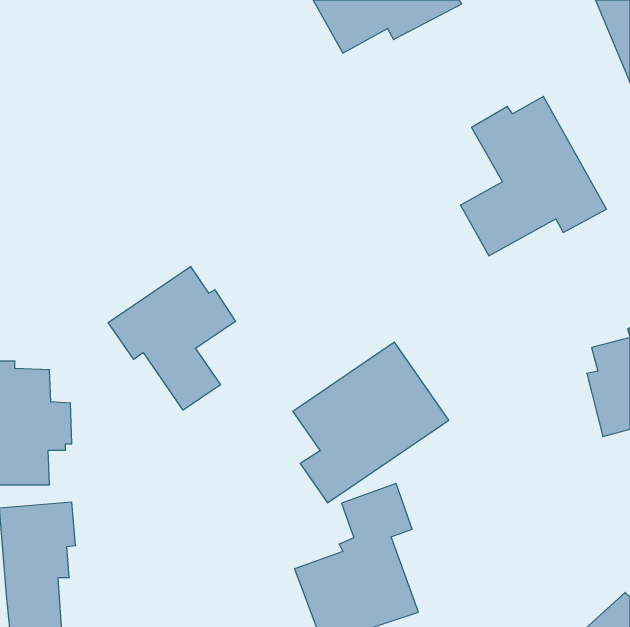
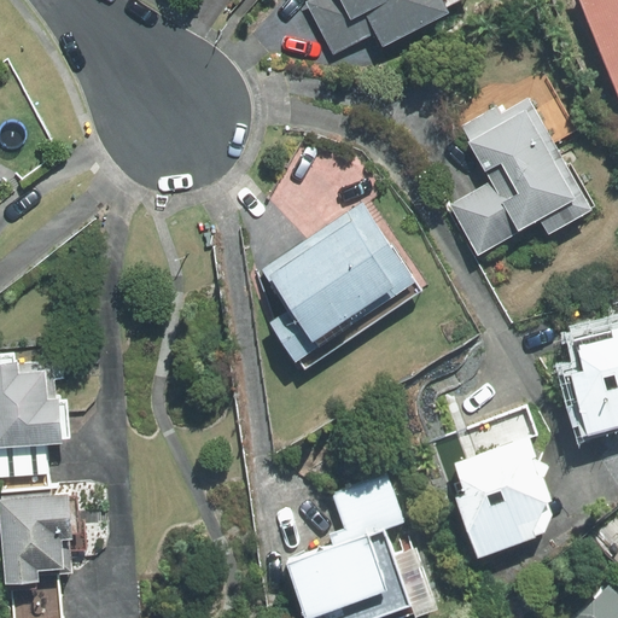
building: [108,266,236,410] -> none
building: [293,342,449,503] -> [261,204,413,361]
building: none -> [455,435,552,554]

